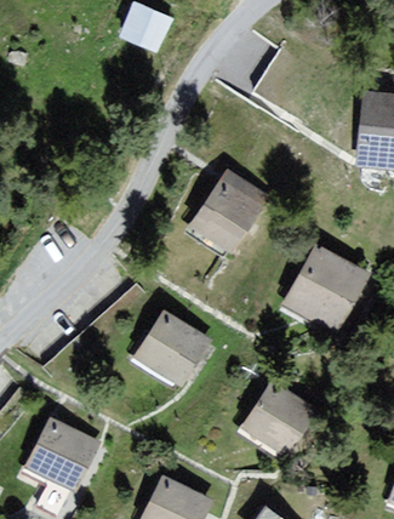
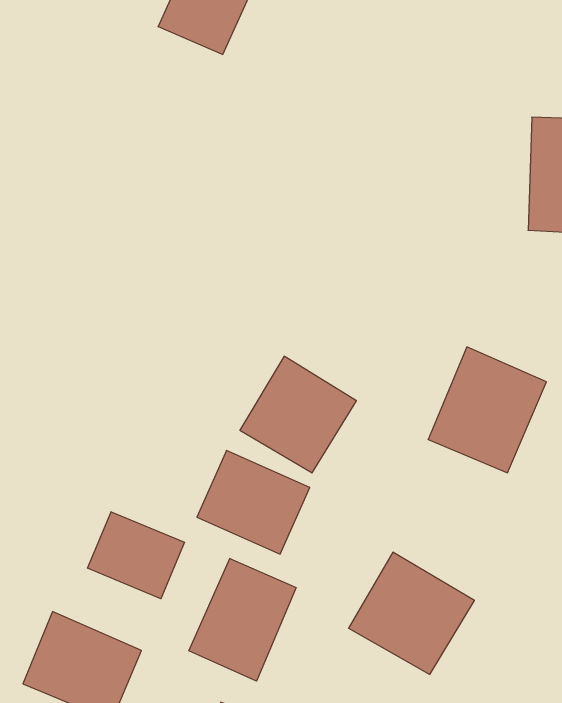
building: [187,182,263,258] -> [240,356,356,473]
building: none -> [88,512,184,599]
building: none -> [189,558,296,681]

